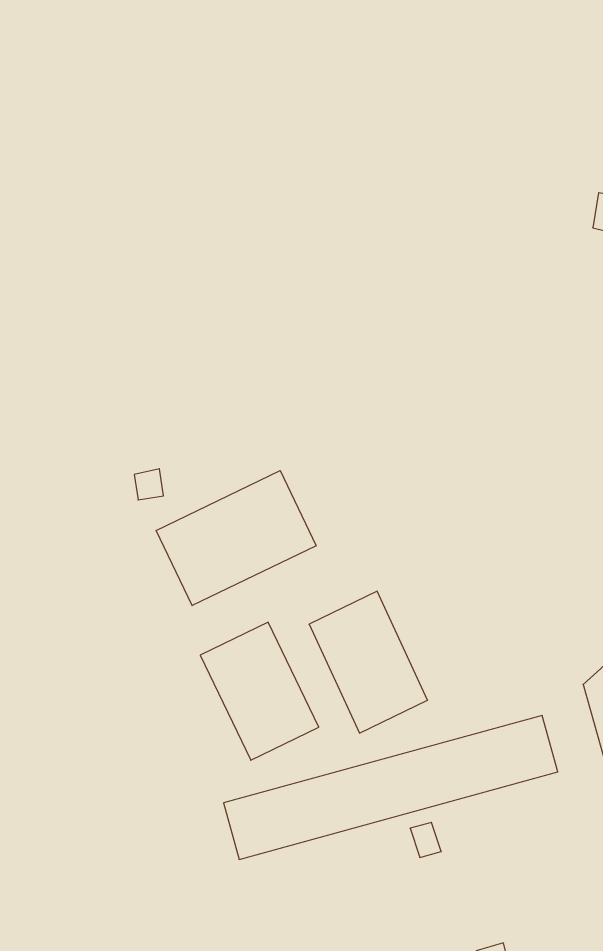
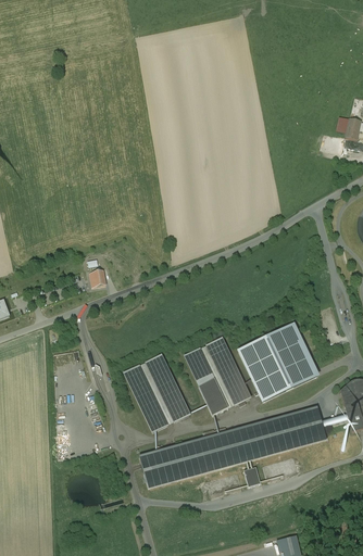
building: [156,471,316,606] -> none
building: none -> [237,324,316,400]

